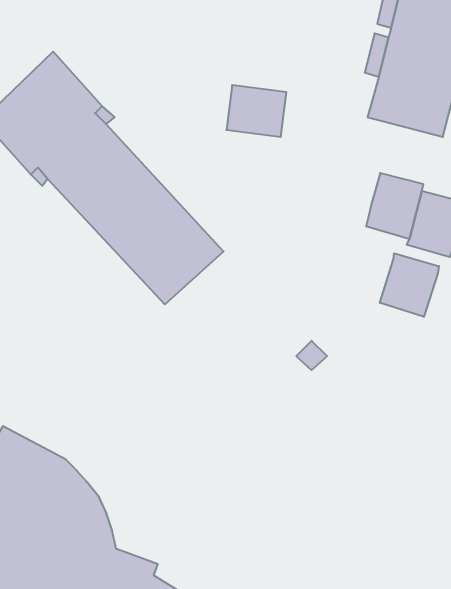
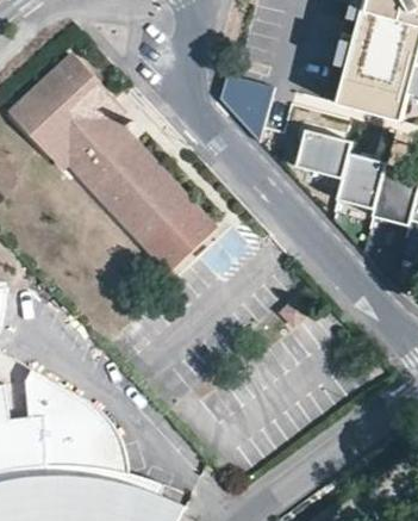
building: none -> [297,130,353,180]
building: [380,253,439,317] -> none

